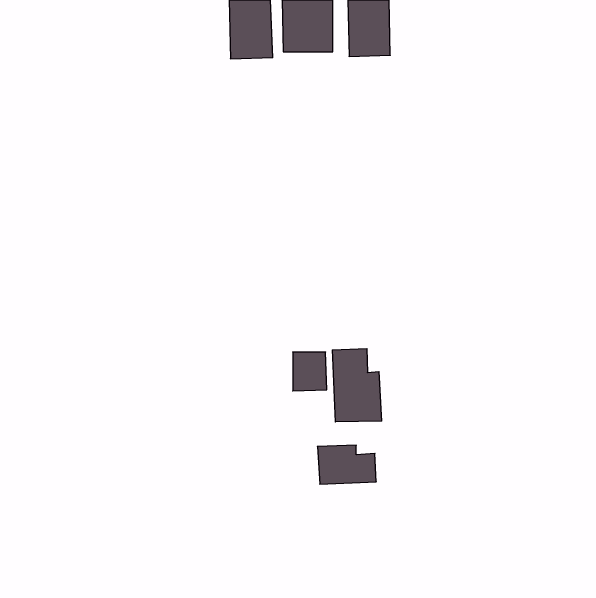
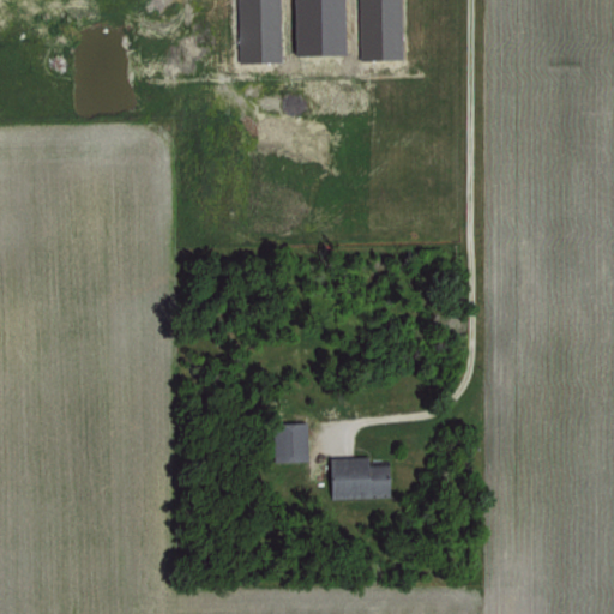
building: [332,349,382,422] -> none
building: [293,352,327,391] -> [275,423,309,463]

